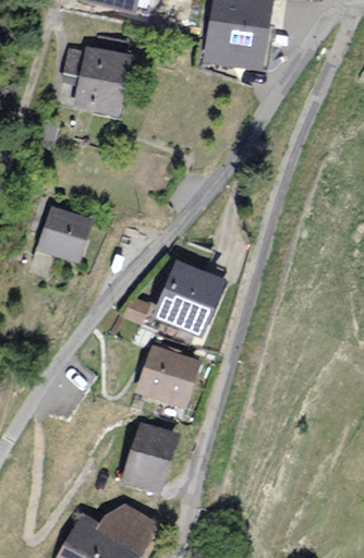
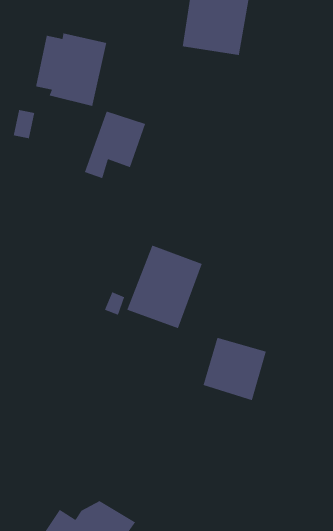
building: [31,206,92,274] -> [84,110,146,179]
building: [136,345,199,409] -> [203,337,267,401]
building: [121,423,177,496] -> none

